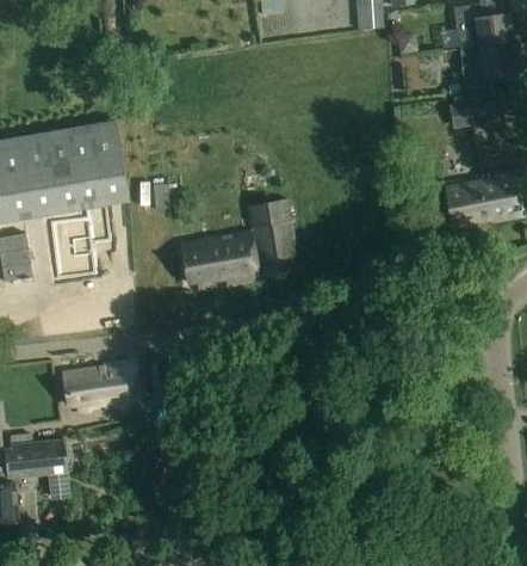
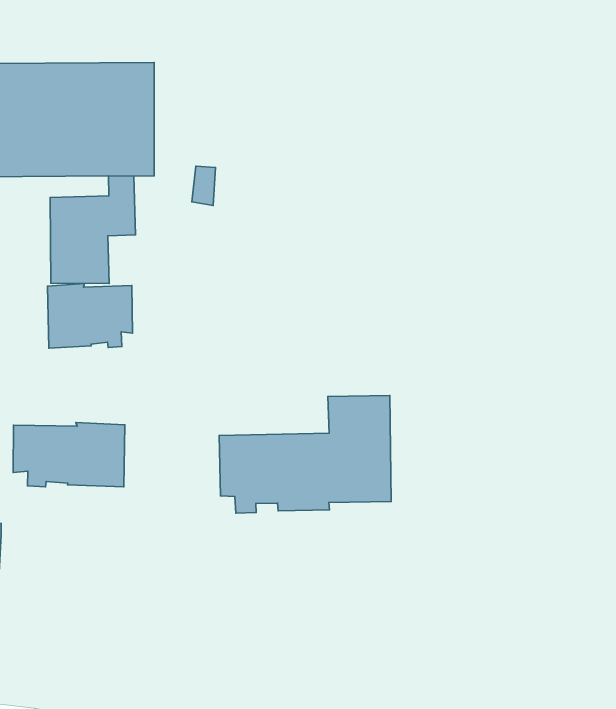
building: [179,197,298,290] -> [219,395,391,513]
building: none -> [48,283,132,348]

